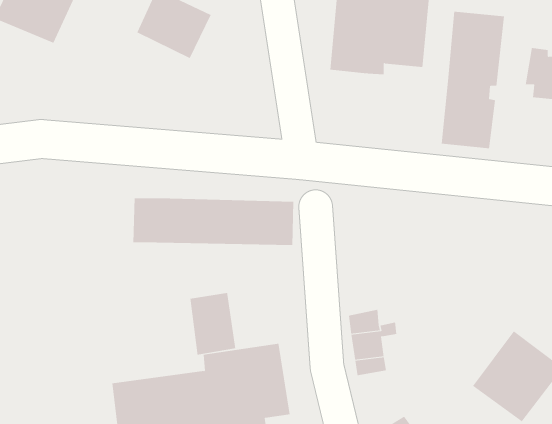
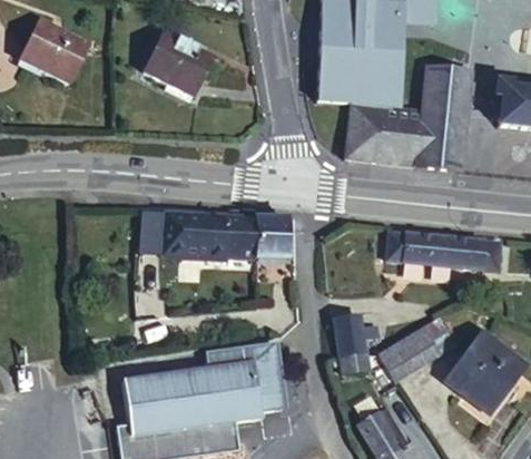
building: none -> [346,104,422,166]
building: none -> [387,233,500,270]
building: [190,292,236,355] -> none
building: none -> [377,318,453,379]

